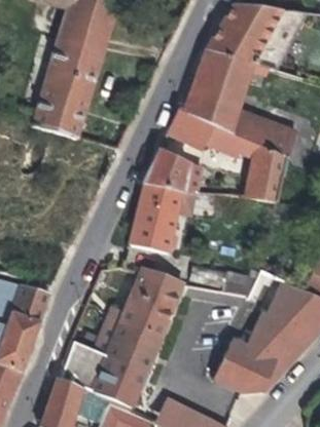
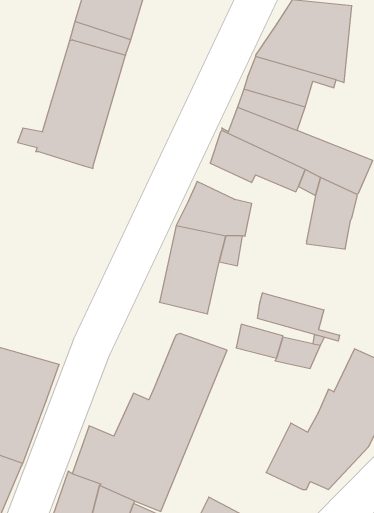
building: none -> [258,293,340,341]

